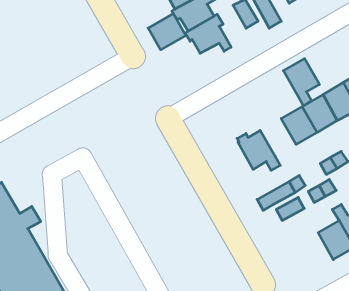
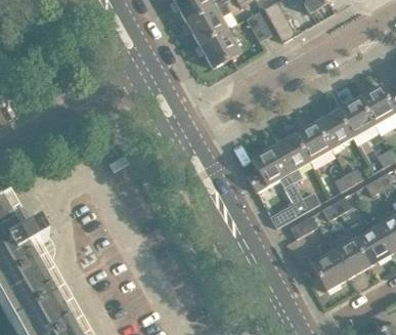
building: [148,14,186,50] -> none
building: [283,59,319,106] -> [273,134,310,182]
building: none -> [310,241,348,291]

